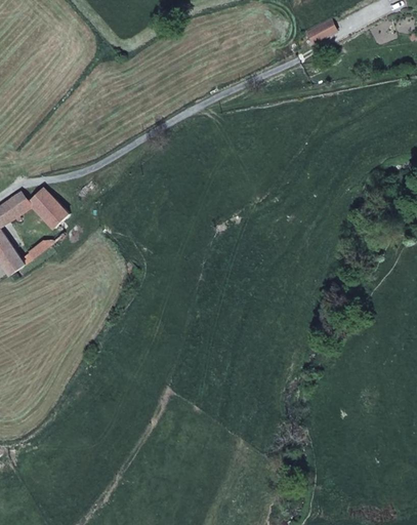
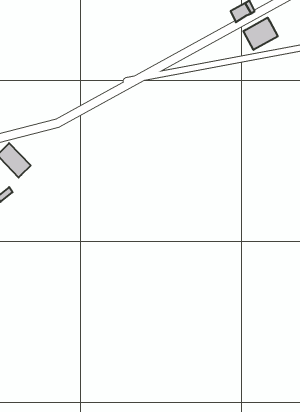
building: none -> [243,18,278,50]

